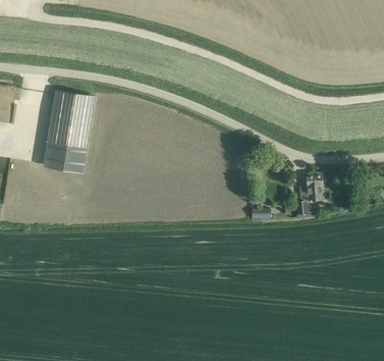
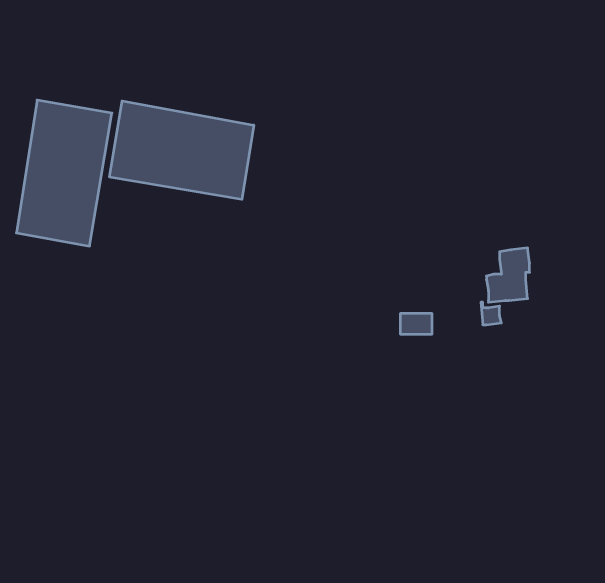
building: none -> [110,101,254,199]

